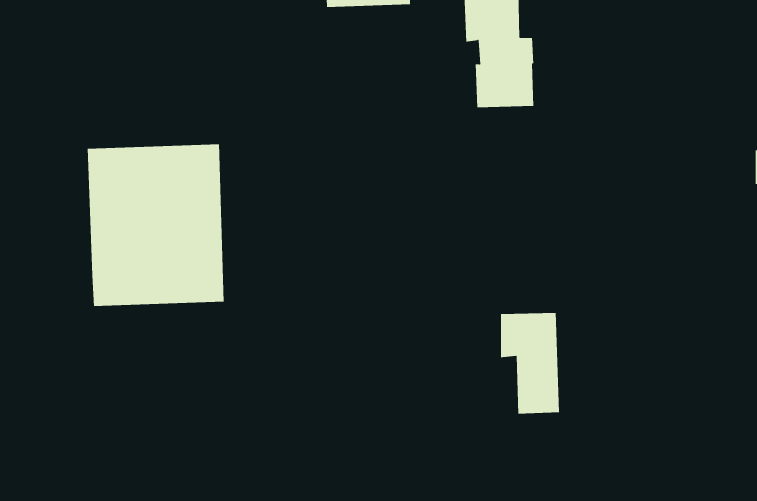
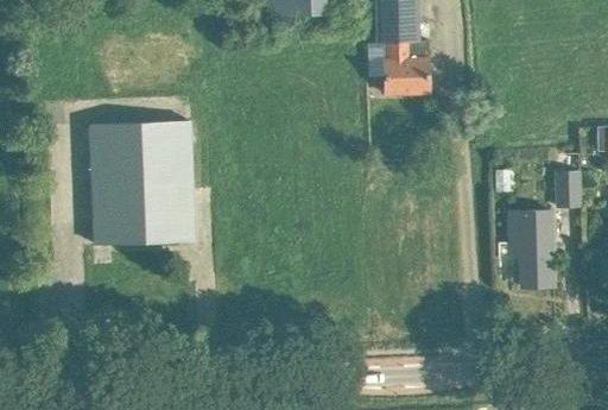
building: none -> [555,153,580,206]
building: [500,312,560,414] -> [508,210,553,288]

